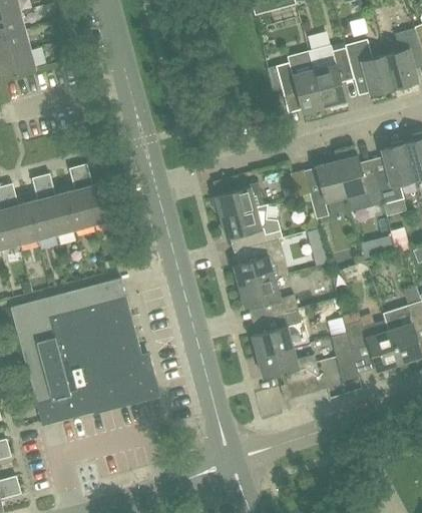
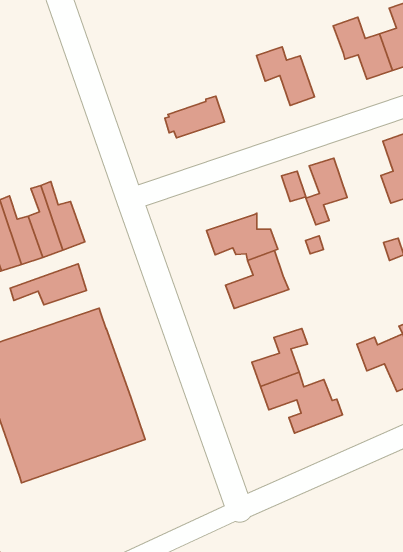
building: [314,43,352,109] -> none
building: [337,156,383,207] -> none
building: [212,183,264,217] -> [165,96,225,138]
building: none -> [10,264,87,305]
building: [240,275,298,316] -> none
building: [331,336,358,383] -> none

